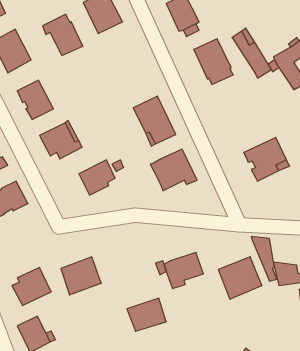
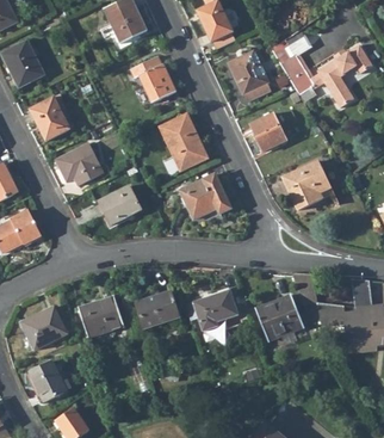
building: [43,14,83,56] -> [131,56,176,103]
building: none -> [250,113,287,152]
building: [127,298,166,331] -> [136,291,180,328]

